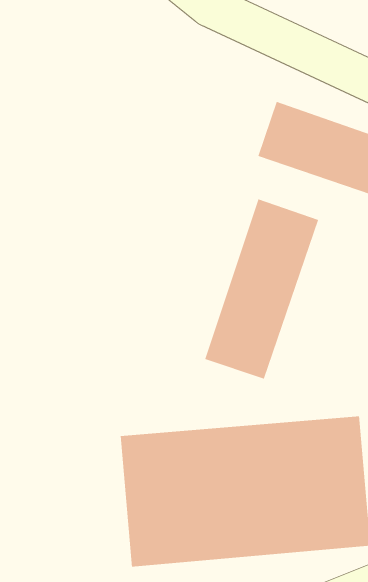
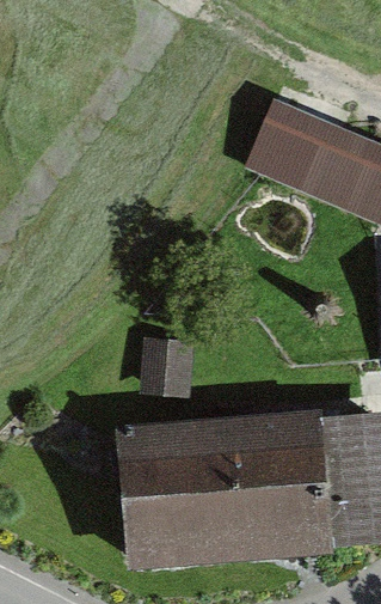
building: [205,199,319,380] -> none

